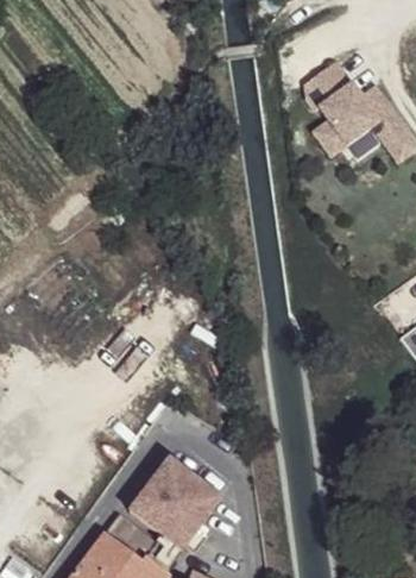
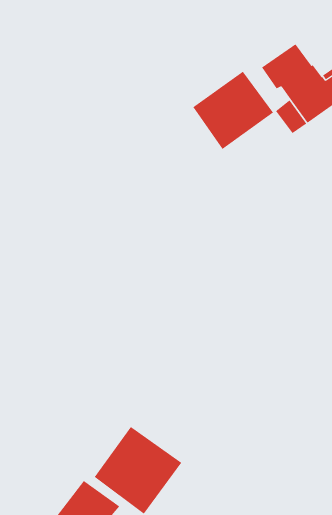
building: none -> [193,71,274,150]

